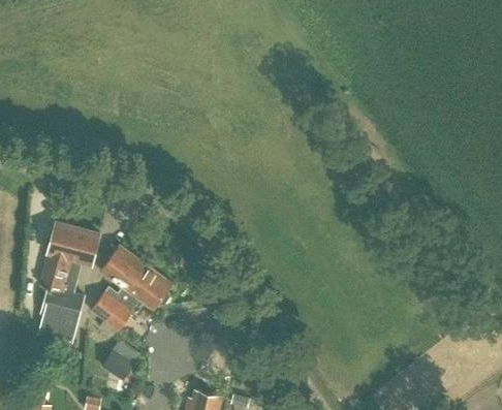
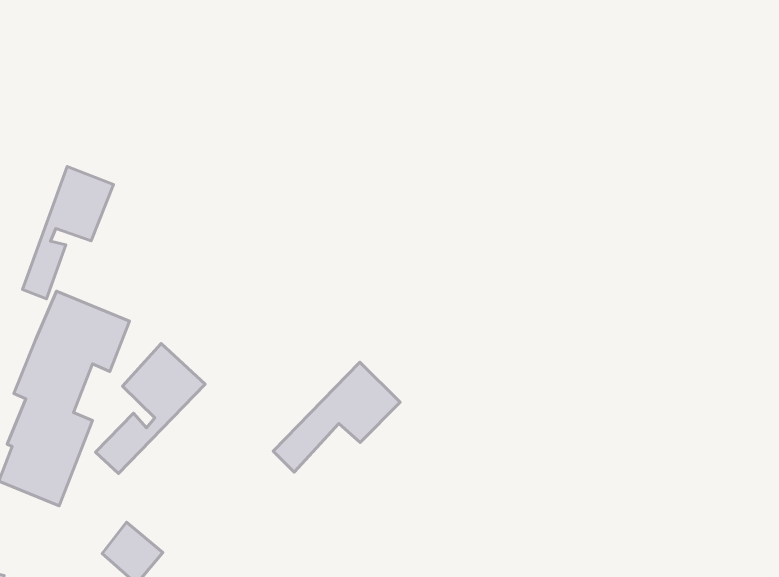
building: none -> [22,167,113,299]
building: [104,264,172,332] -> [273,362,400,472]

